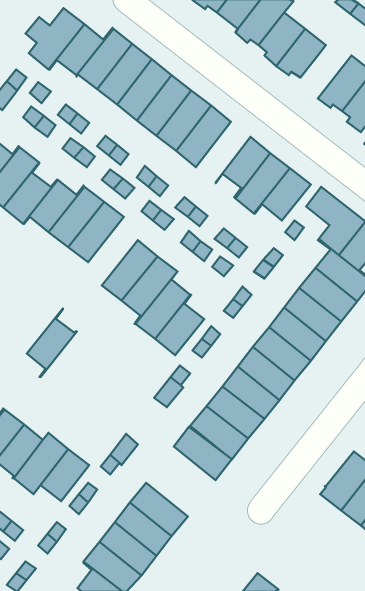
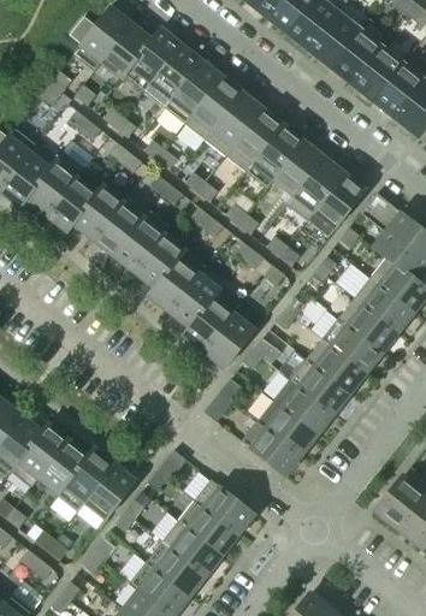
building: none -> [355,47,408,102]
building: none -> [247,126,303,189]
building: [27,308,77,377] -> [135,225,187,296]
building: [174,427,232,480] -> [195,480,255,535]

